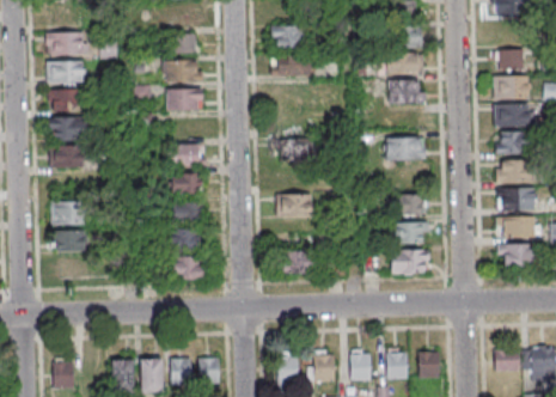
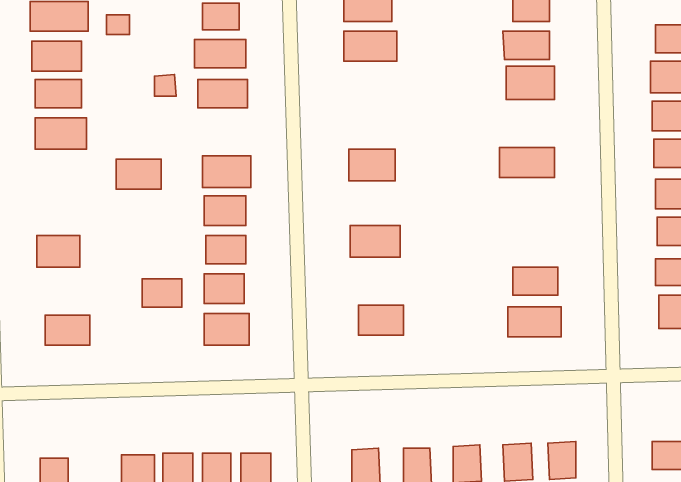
building: [50,145,83,166] -> [116,159,161,189]
building: [392,195,423,215] -> none
building: [56,230,85,250] -> [142,279,182,307]

